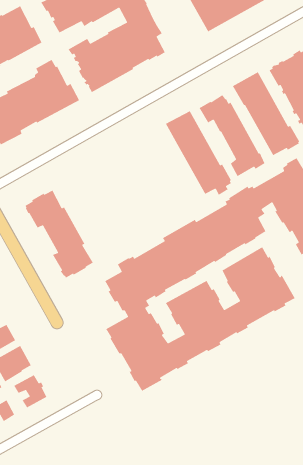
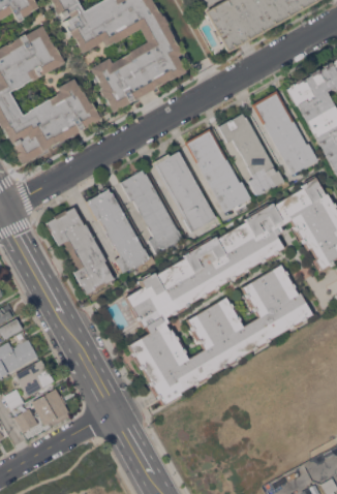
building: none -> [153,152,216,233]
building: none -> [121,169,184,254]
building: none -> [87,189,150,274]

